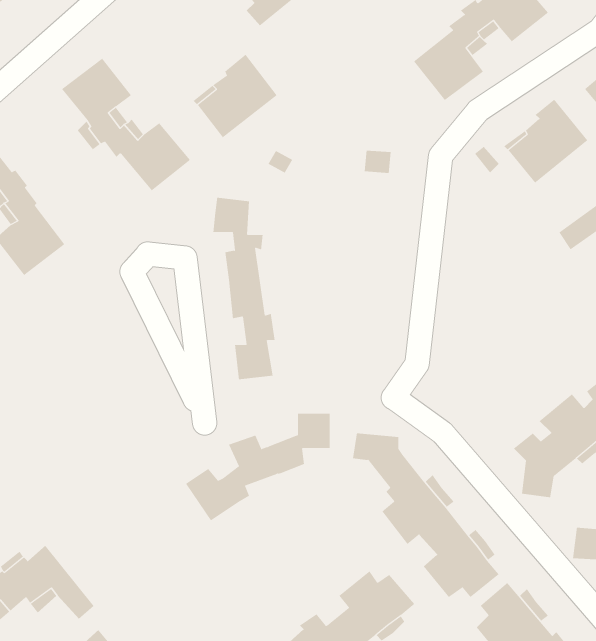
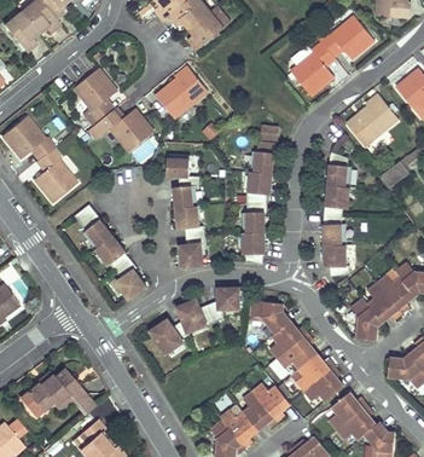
building: none -> [243,143,274,265]
building: none -> [323,152,352,276]
building: none -> [75,204,146,300]

